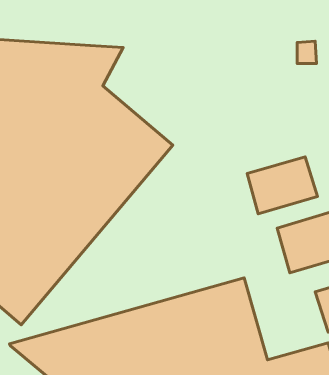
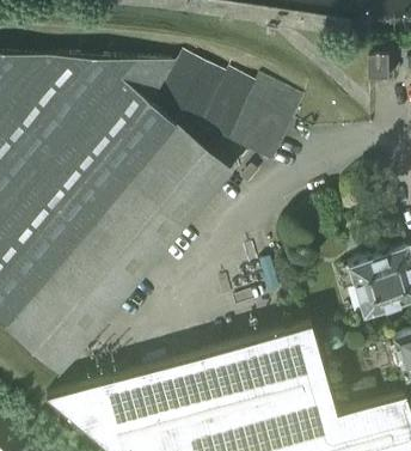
building: none -> [158,55,305,164]
building: [247,157,317,214] -> none

